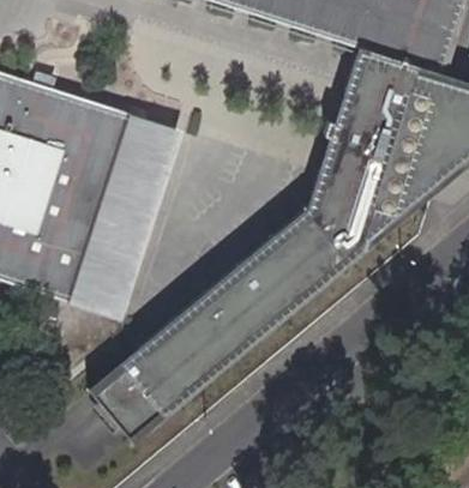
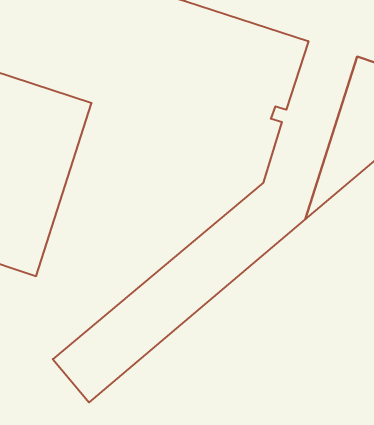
building: [70,115,174,317] -> none

